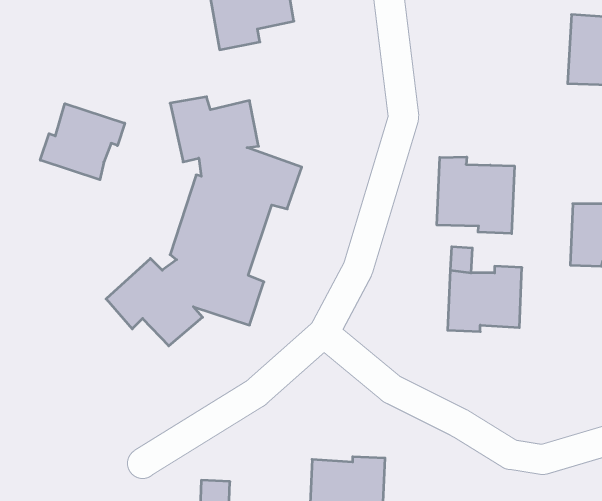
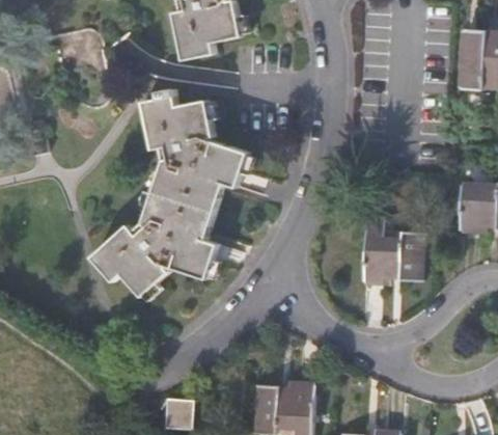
building: [40,104,125,180] -> none
building: [437,157,514,234] -> none

